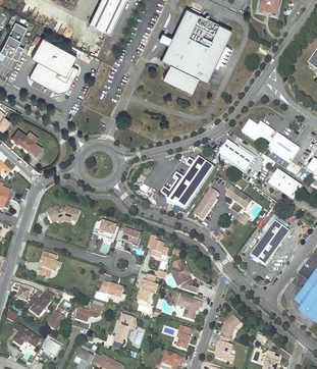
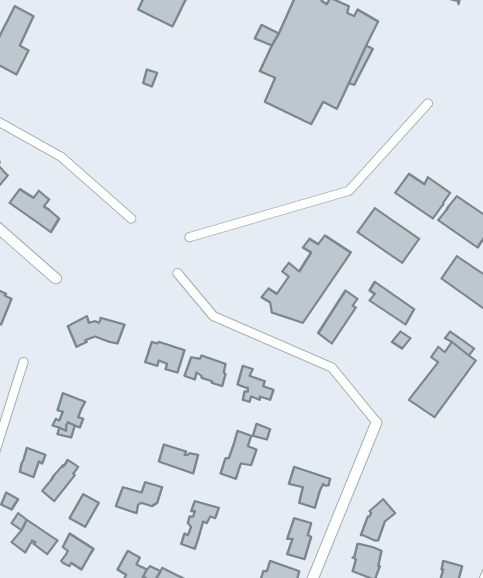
building: [29,36,78,92] -> none
building: [173,262,199,293] -> none

